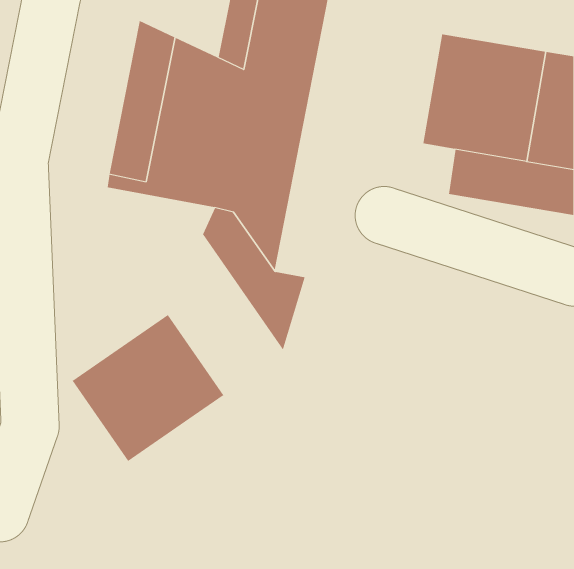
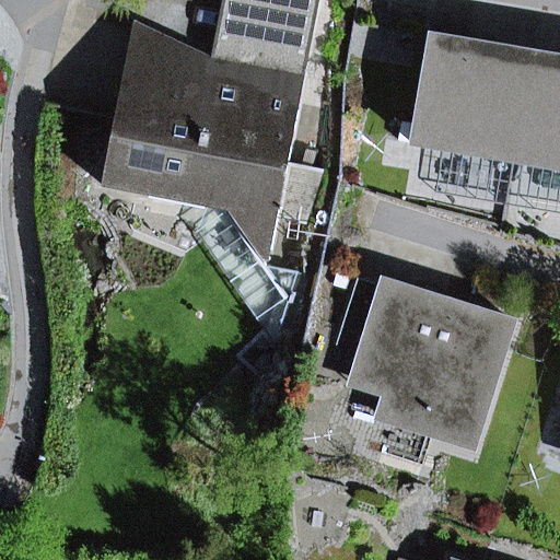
building: none -> [350,277,514,445]
building: [72,314,224,462] -> none

